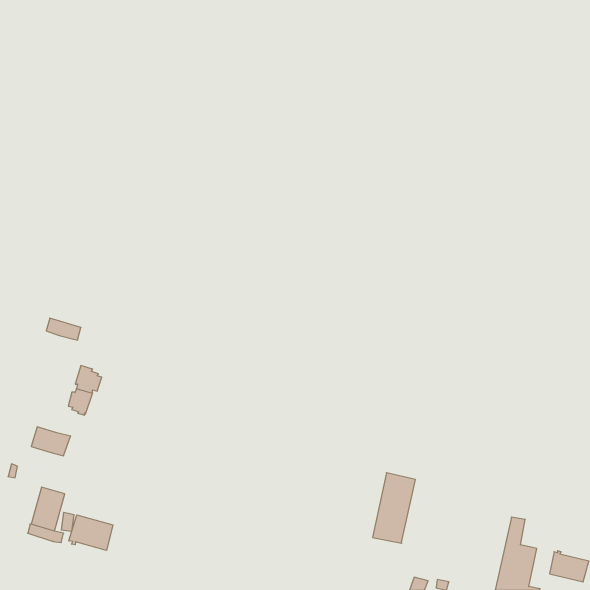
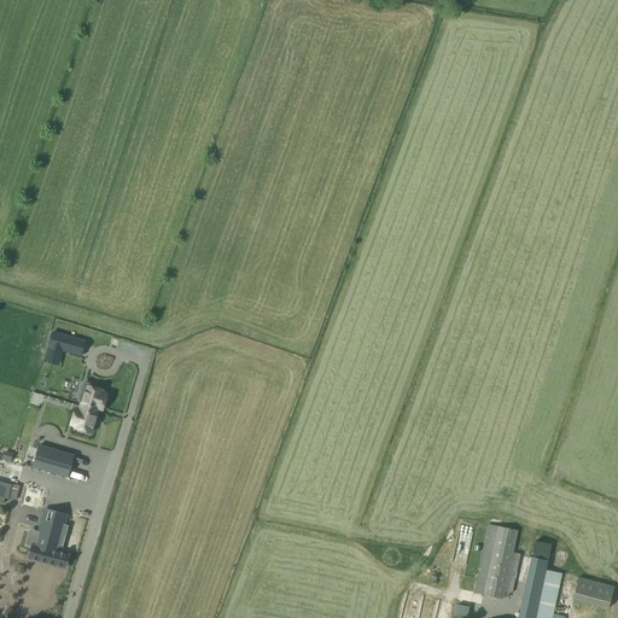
building: [373,473,415,543] -> [473,526,518,600]
building: [69,515,113,550] -> none

